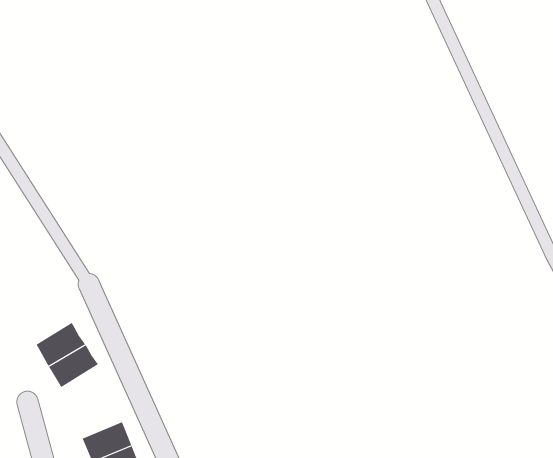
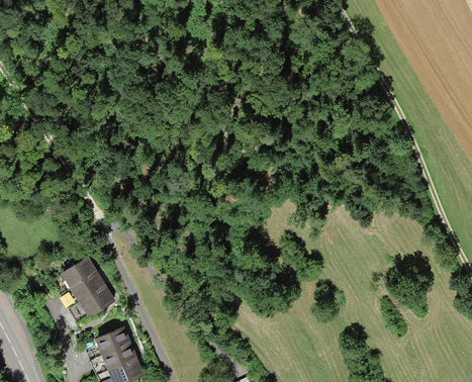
building: none -> [80,287,116,318]

